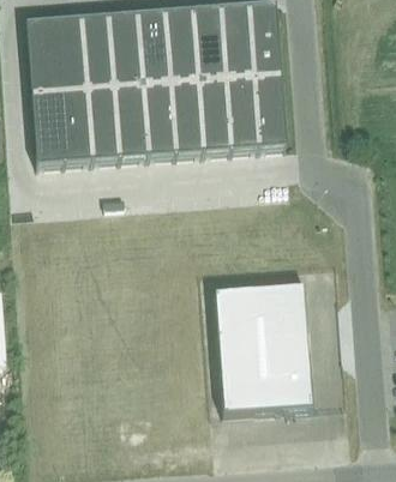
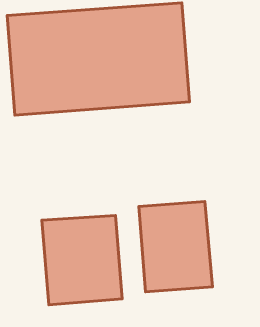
building: none -> [42,215,122,305]

